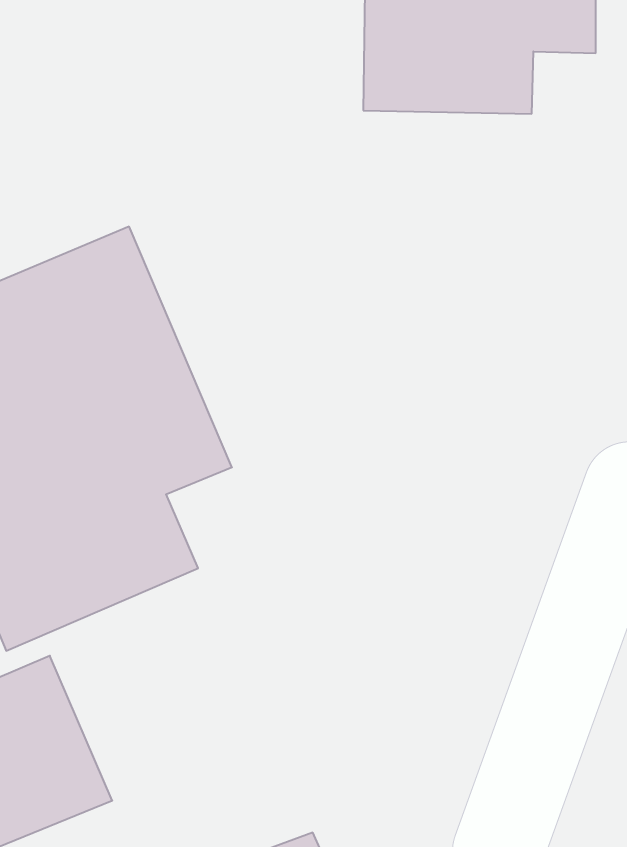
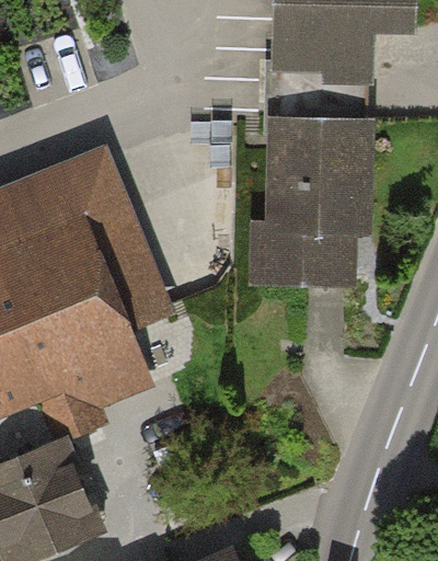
building: none -> [253,125,371,288]

